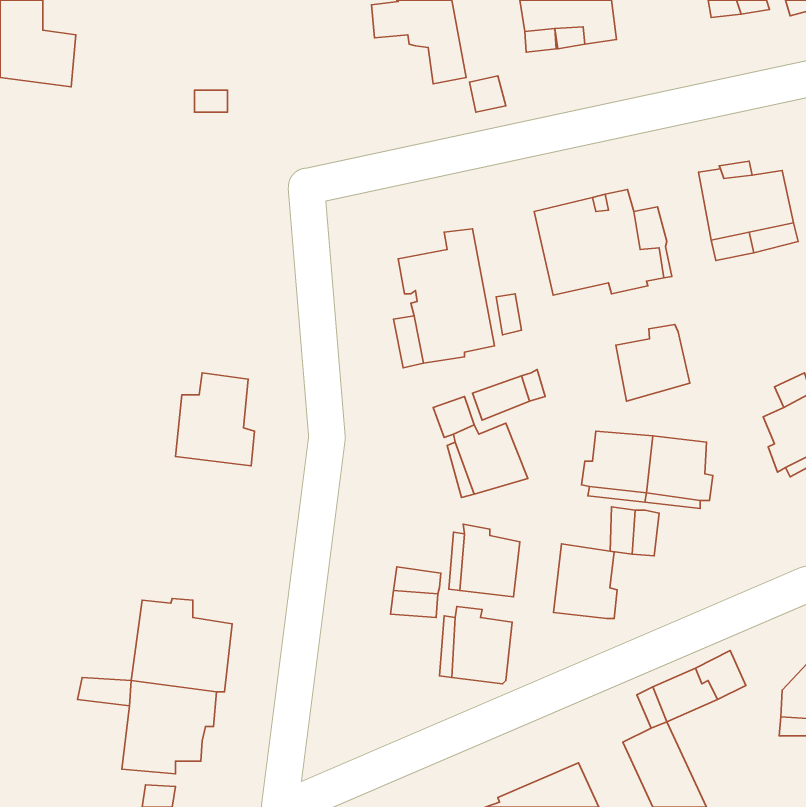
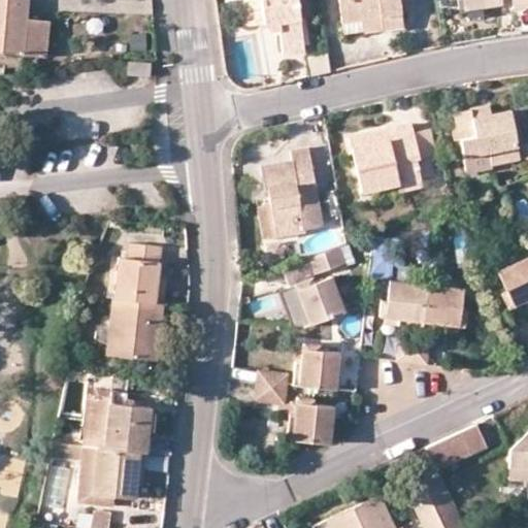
building: [616,325,690,401] -> none
building: none -> [109,298,165,360]
building: [554,544,617,619] -> none

